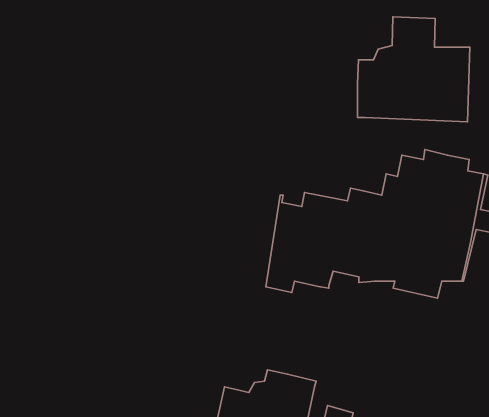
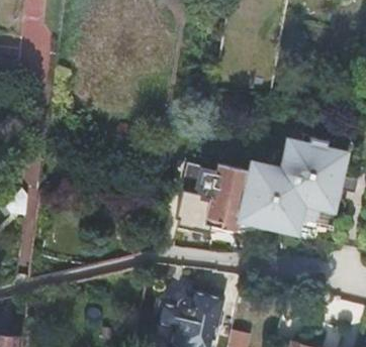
building: [357,17,470,122] -> none

